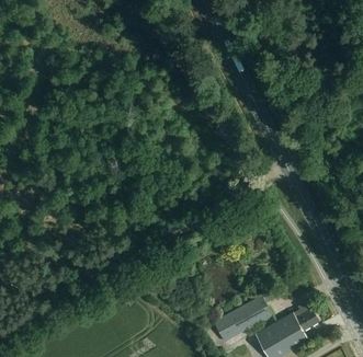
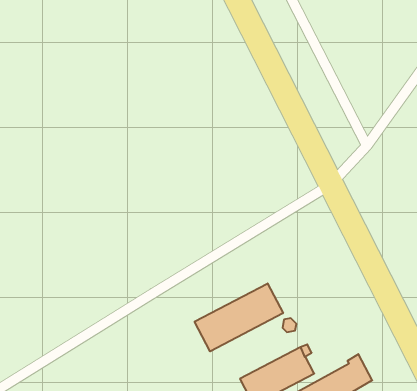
building: none -> [195,283,283,351]

